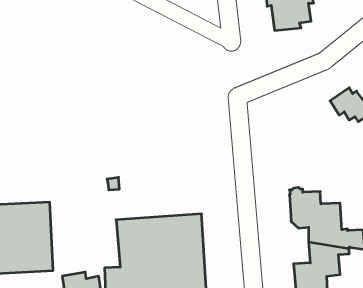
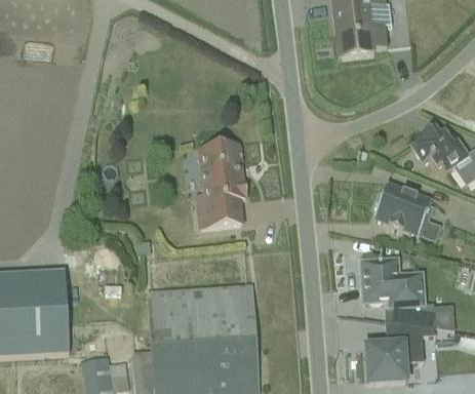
building: none -> [195,143,247,227]
building: none -> [373,181,440,238]

